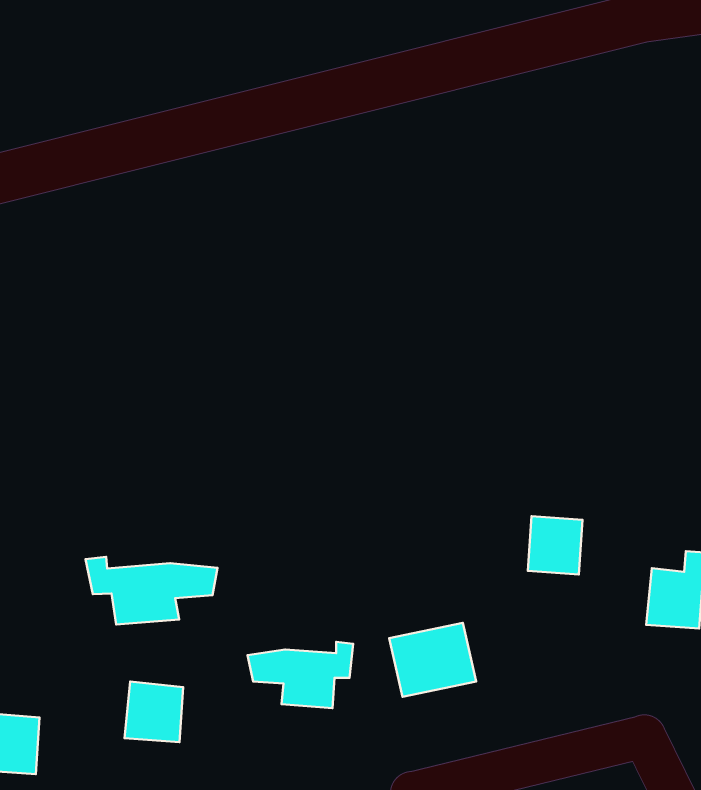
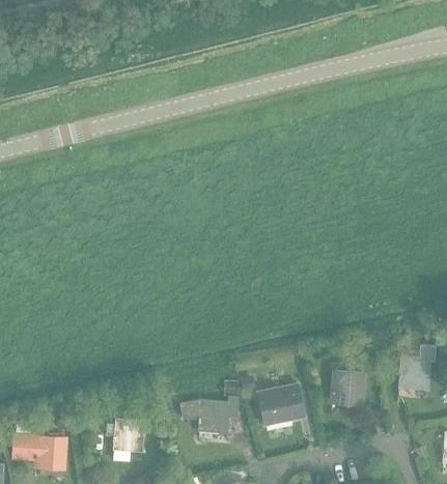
building: [528,516,583,575] -> [333,371,363,403]
building: [85,557,218,625] -> none

